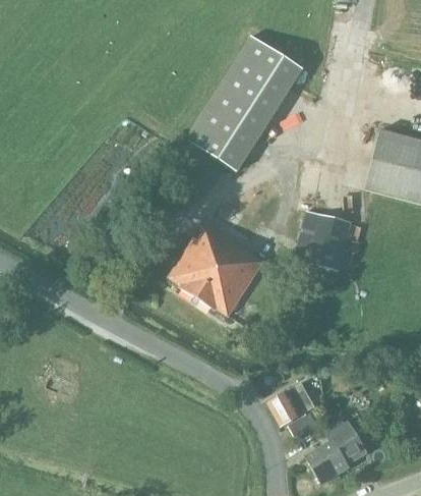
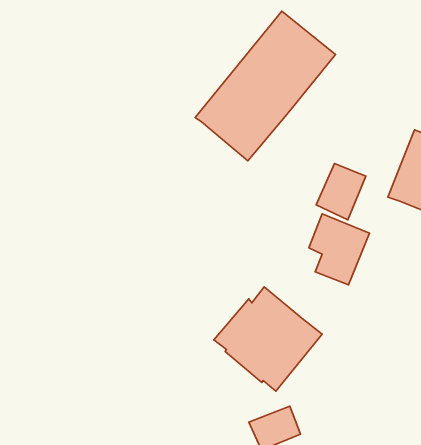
building: none -> [316,164,366,220]
building: [169,225,263,316] -> [214,287,322,391]

